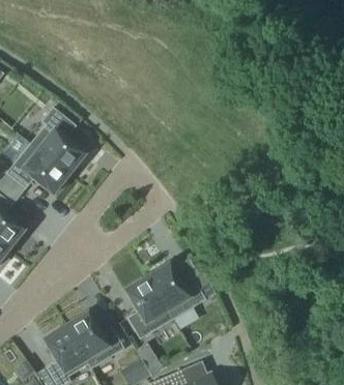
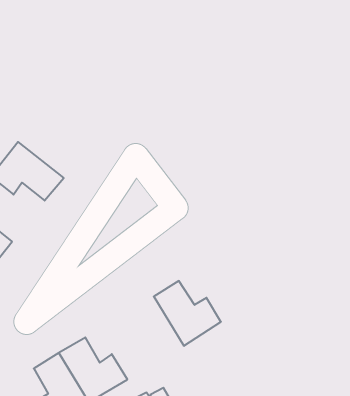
building: [30,108,85,175] -> none
building: [124,277,173,339] -> none

